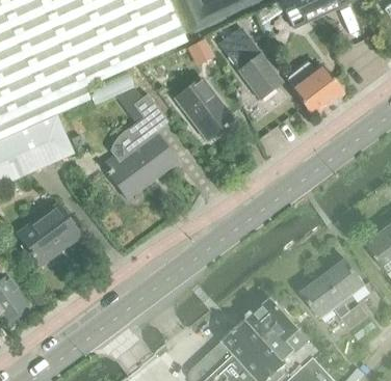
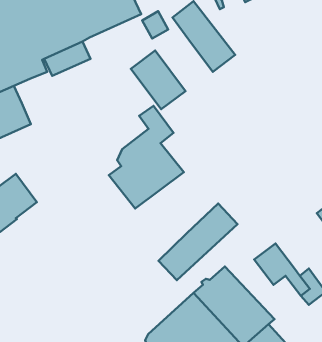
building: [284,59,343,115] -> none
building: [100,91,177,197] -> [109,106,184,209]
building: none -> [158,204,237,280]
building: [323,258,365,301] -> none

